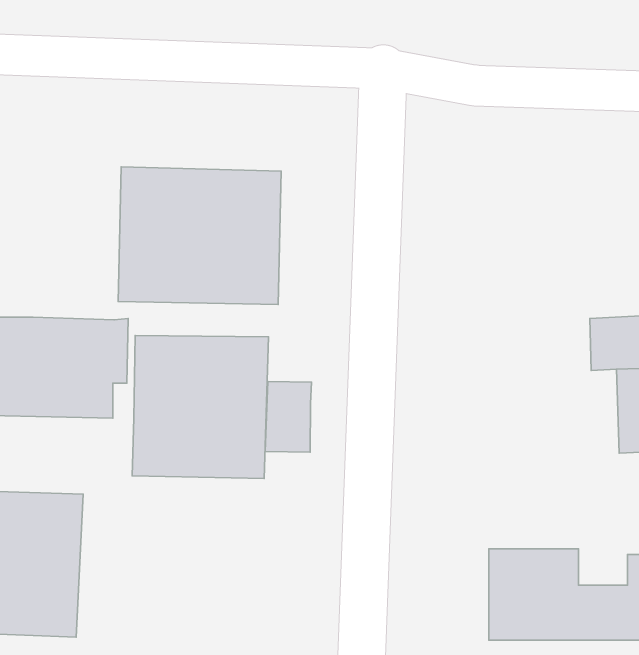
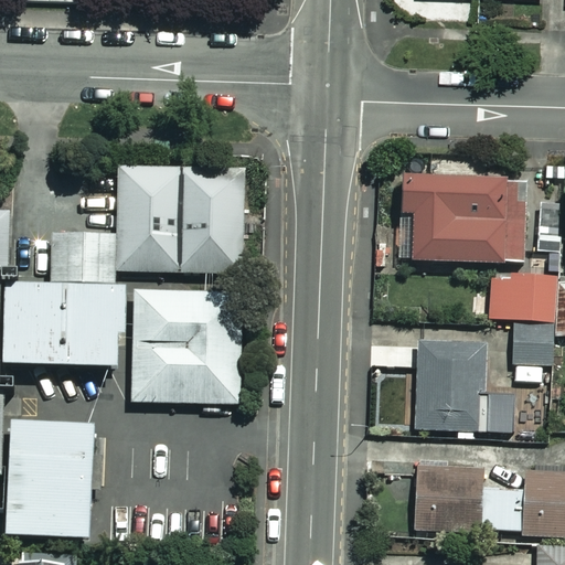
building: none -> [401,180,523,265]
building: none -> [53,227,118,281]
building: [265,382,312,452] -> none
building: none -> [415,343,483,433]

